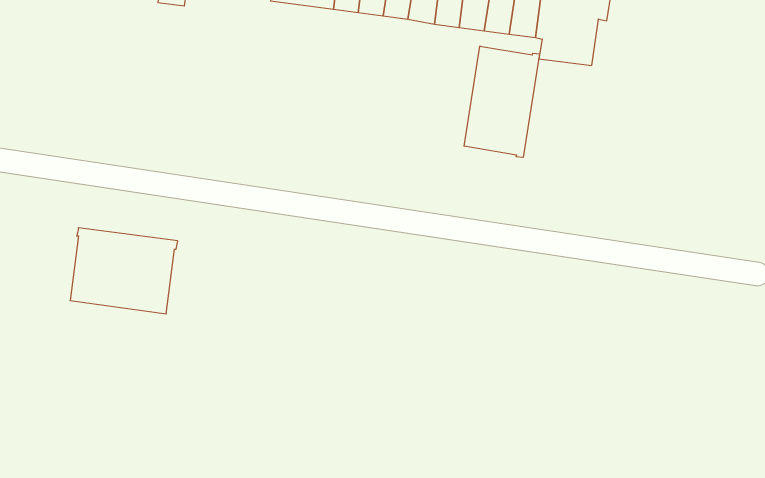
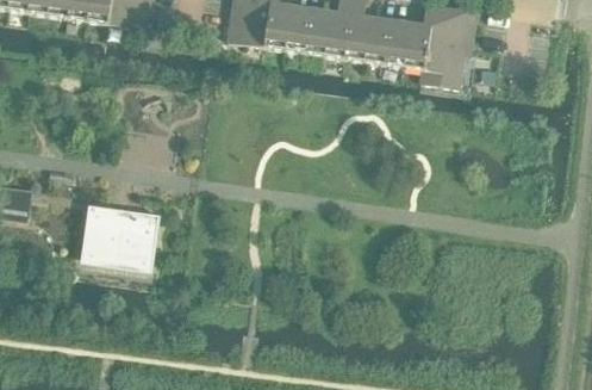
building: [464,46,540,157] -> none

